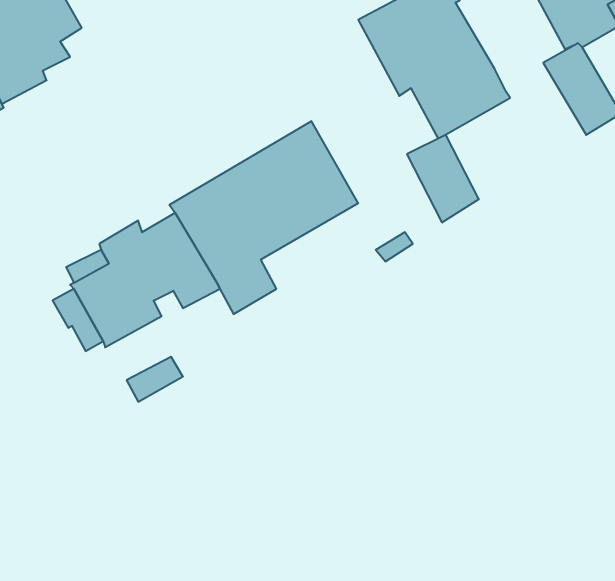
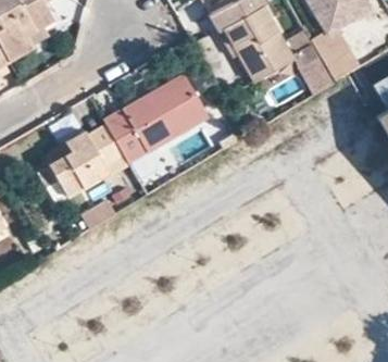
building: [407,135,479,222] -> [295,48,335,97]

